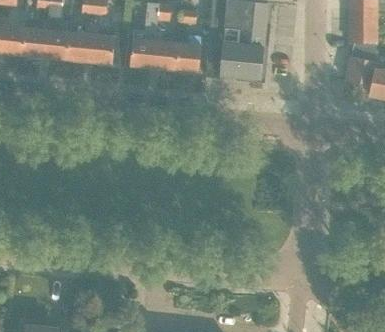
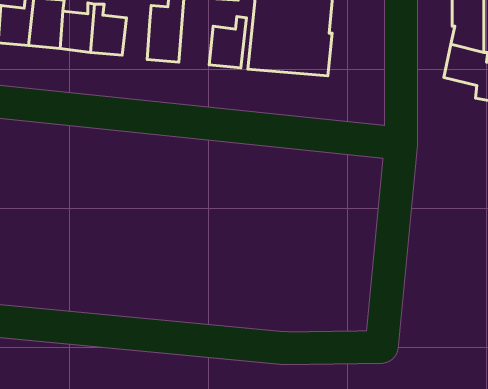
building: [154,32,179,71] -> none

